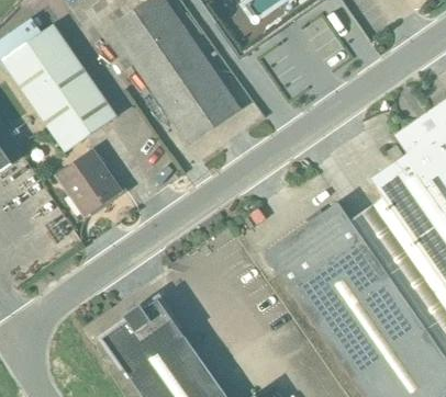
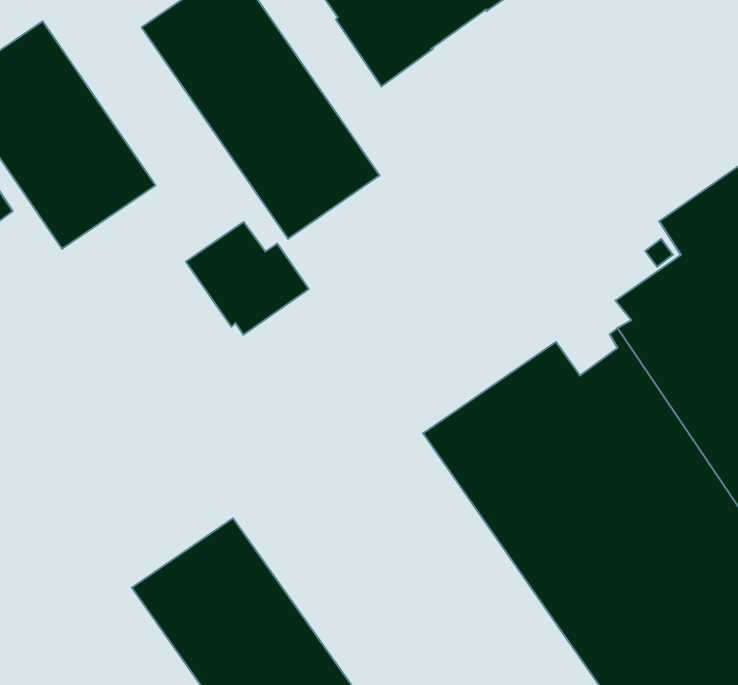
building: [59,154,127,216] -> [186,222,309,335]

